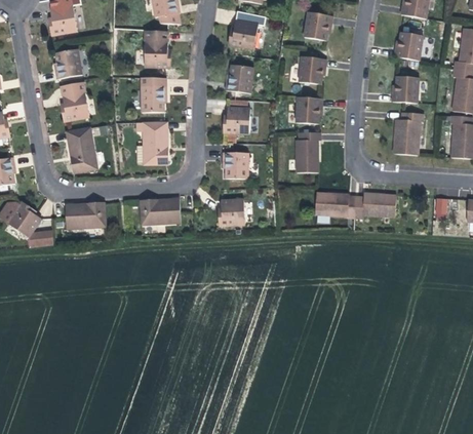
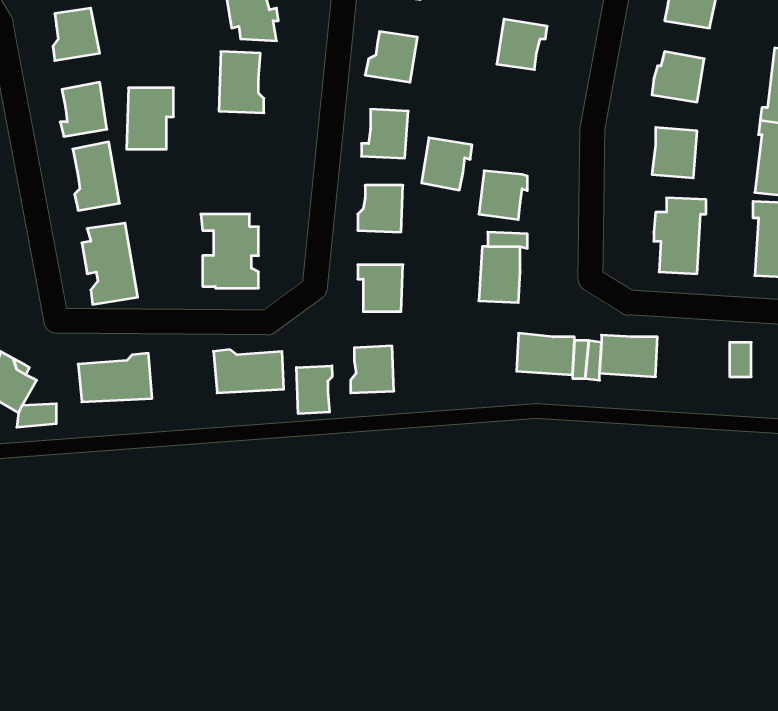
building: [299,47,327,77] -> [422,138,472,190]
building: [142,78,168,113] -> [127,88,174,149]
building: none -> [296,366,332,414]

